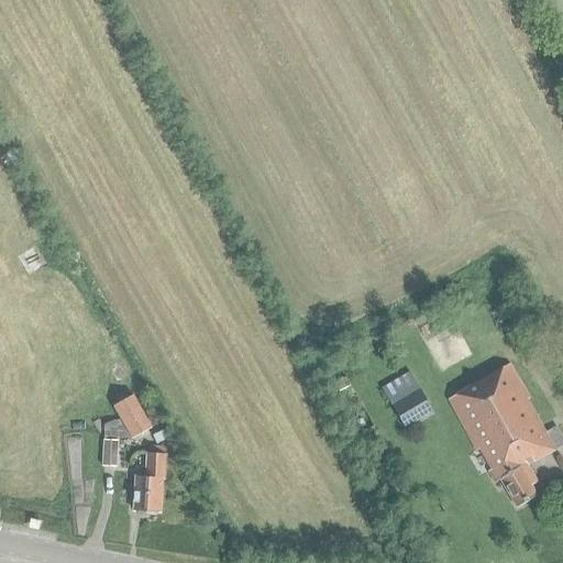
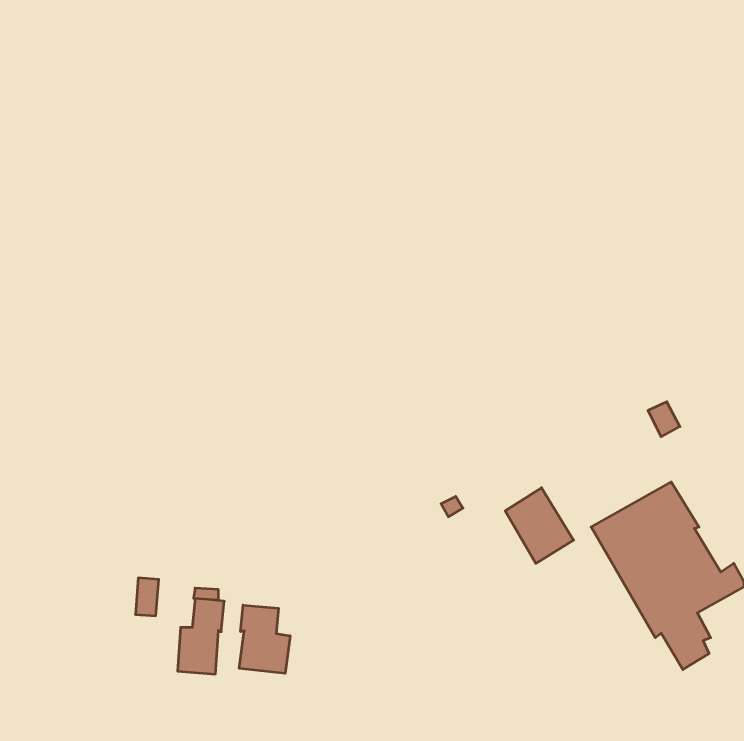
building: [113,394,152,437] -> none
building: none -> [239,605,290,673]

